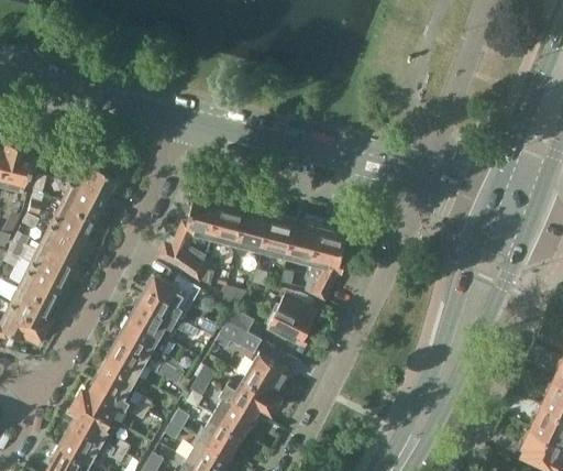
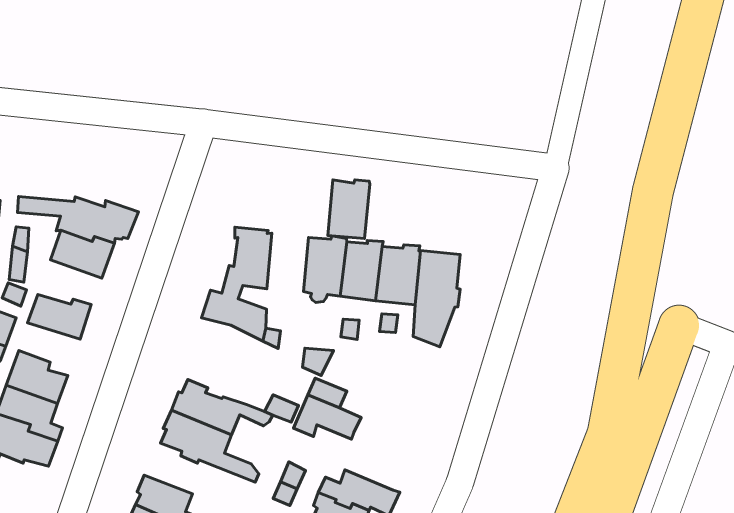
building: [47,201,93,237] -> none
building: [208,204,242,248] -> [328,180,370,238]
building: [29,243,73,284] -> none
building: [144,276,200,321] -> none
building: [267,296,317,347] -> none
building: [104,340,181,384] -> none
building: [245,353,289,395] -> none

